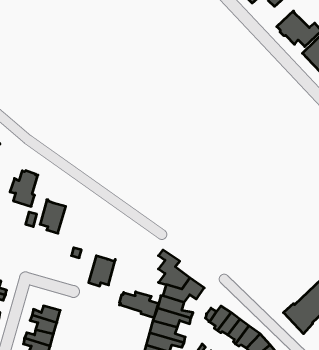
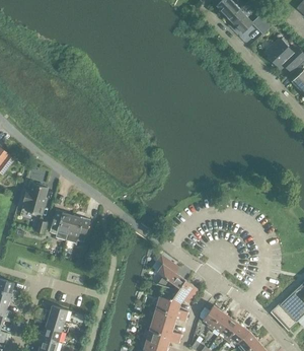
building: [89,256,115,286] -> [66,216,90,243]
building: [119,292,158,318] -> none

